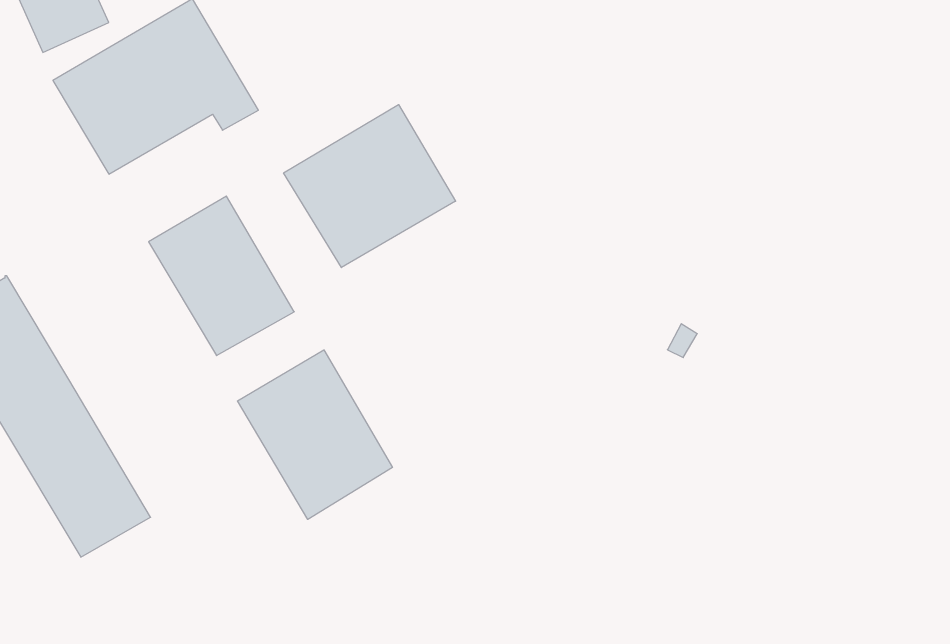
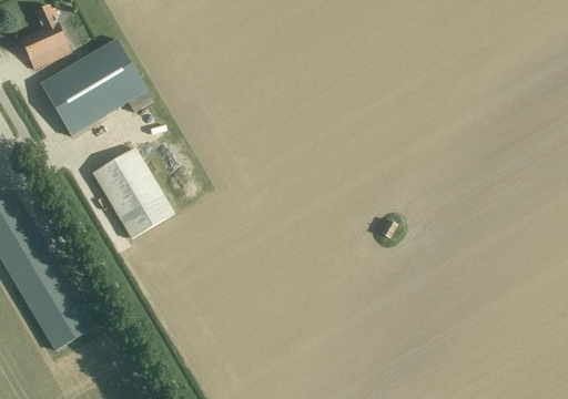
building: [284,105,456,268] -> none
building: [237,350,392,519] -> none

